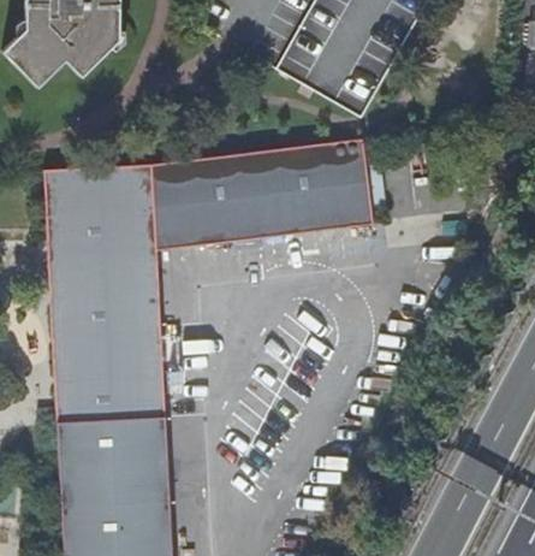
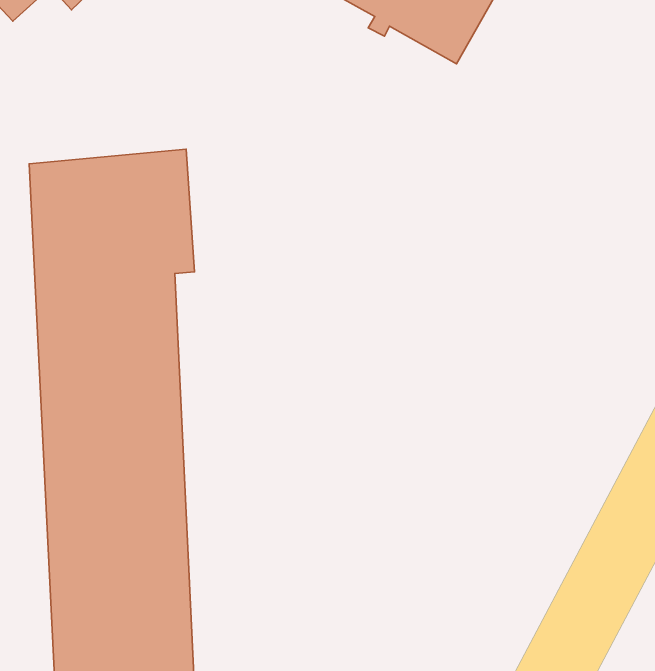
building: [164,142,378,253] -> none

